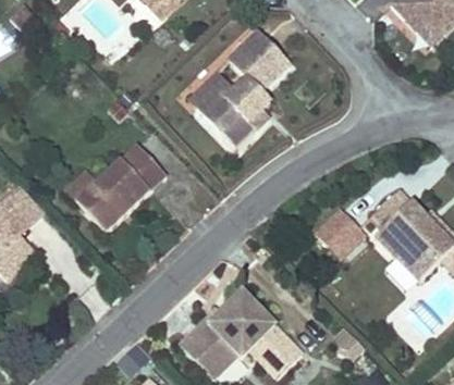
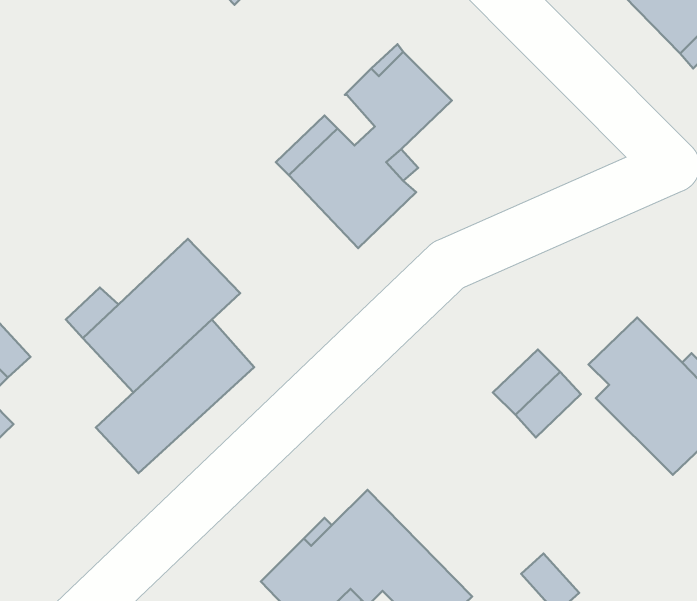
building: none -> [96,319,254,473]

